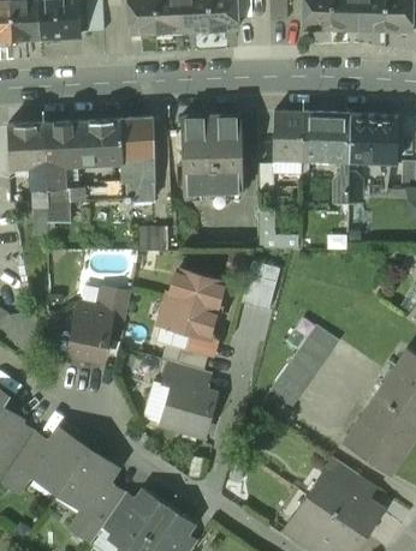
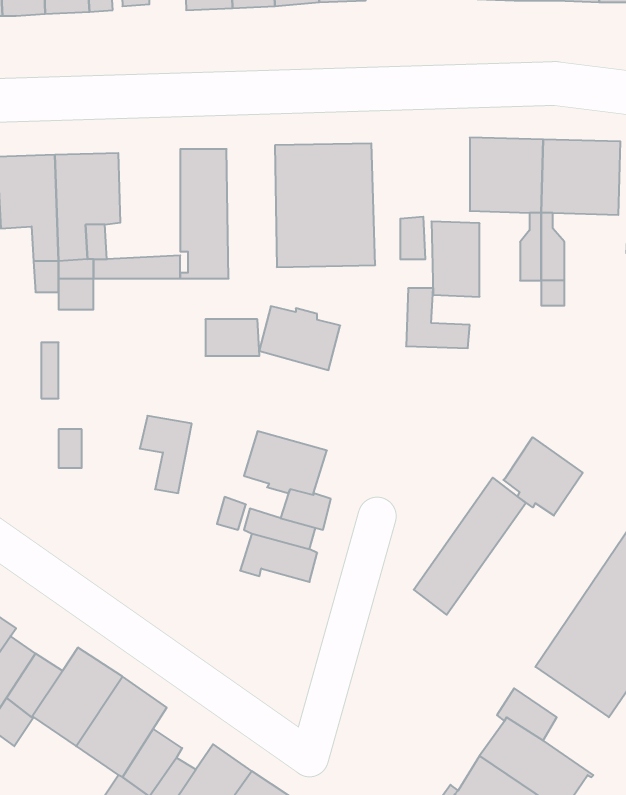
building: [273,113,303,160] -> [431,221,480,297]
building: [84,121,123,167] -> none
building: [171,269,221,309] -> [259,306,340,370]
building: none -> [503,437,583,516]
building: [69,303,112,359] -> none
building: [161,382,215,435] -> none

